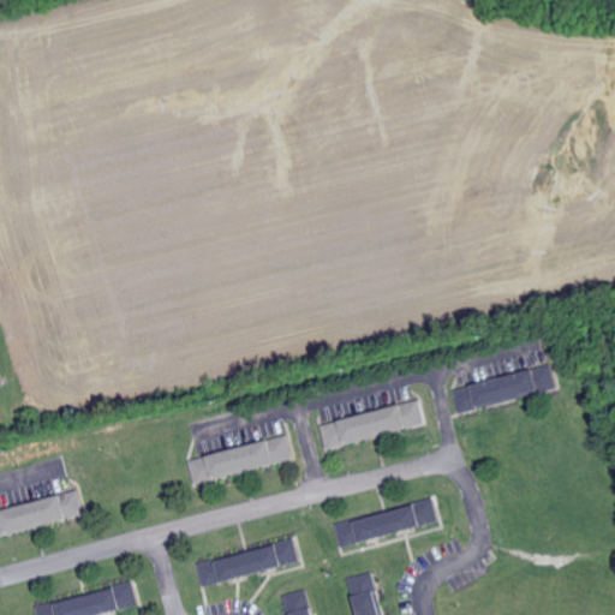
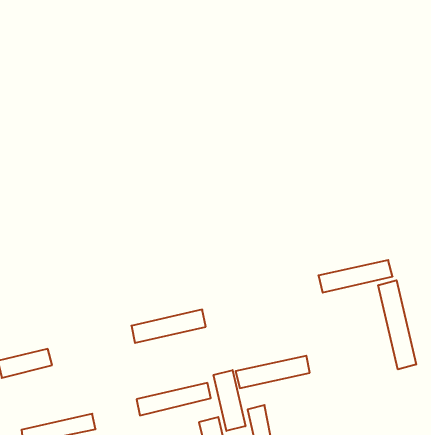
building: none -> [378,280,416,369]
building: [317,402,422,449] -> none
building: none -> [214,370,245,431]

